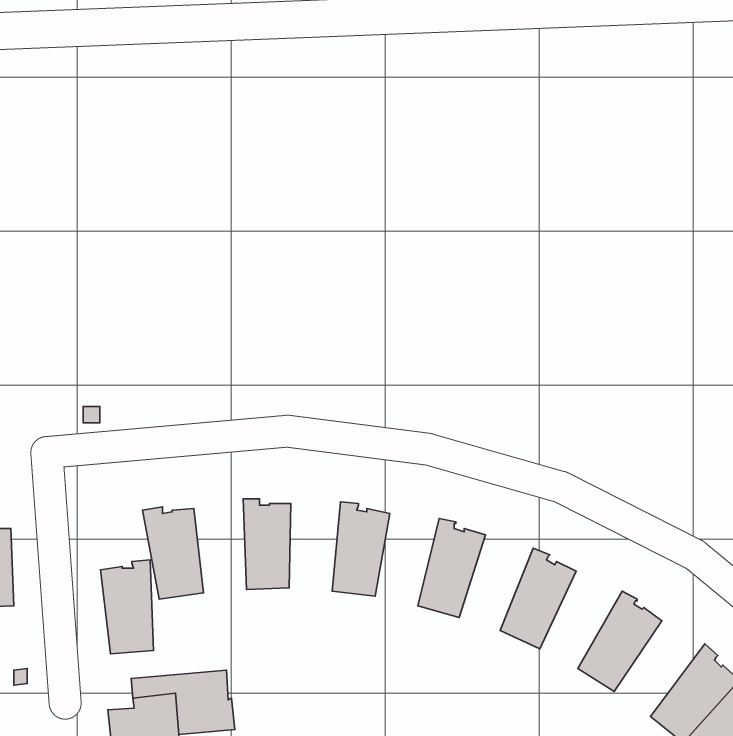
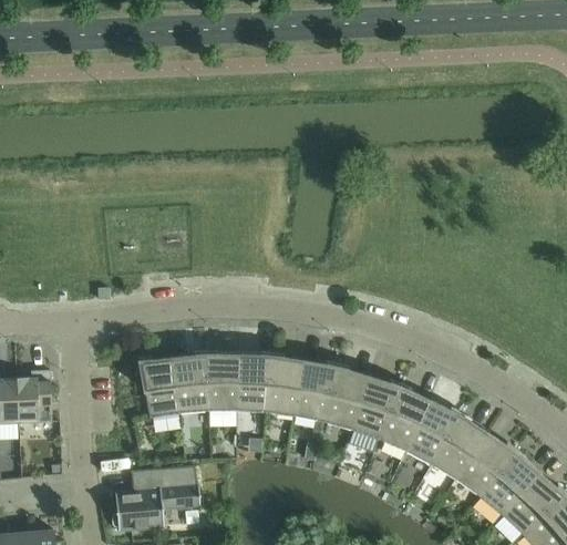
building: none -> [237,352,271,413]
building: none -> [295,361,338,423]
building: none -> [351,376,401,440]
building: [101,560,153,654] -> [173,351,208,414]
building: none -> [405,400,461,465]
building: none -> [455,433,516,497]

